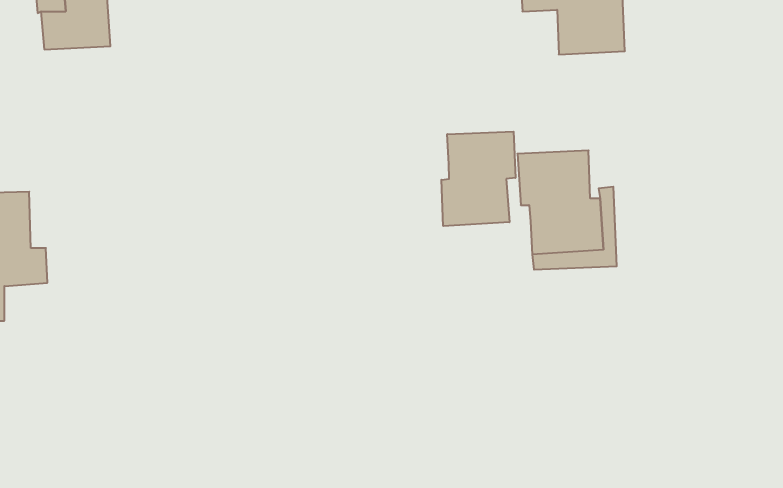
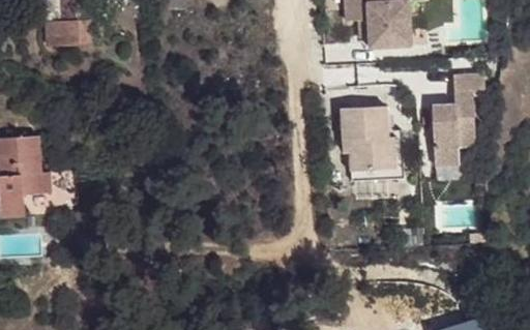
building: none -> [432,76,484,167]
building: [441,132,515,226] -> none

